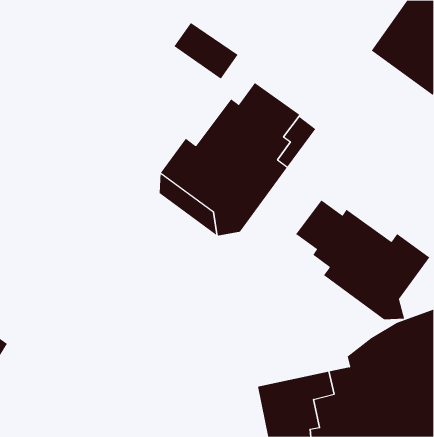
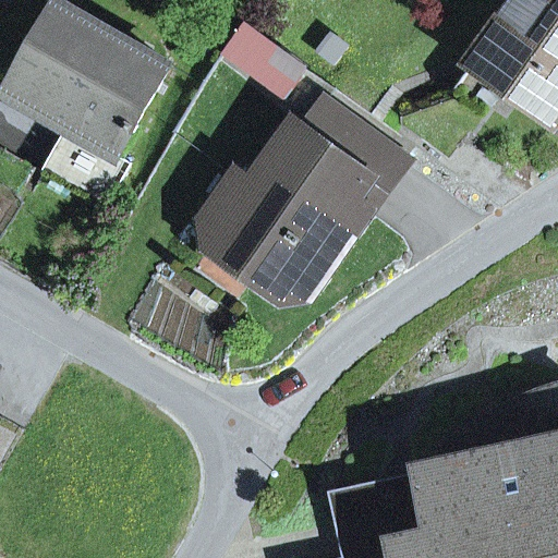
building: none -> [12,4,168,209]
building: [295,200,430,320] -> none

